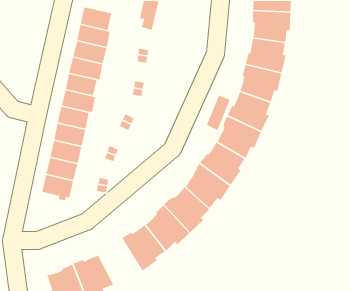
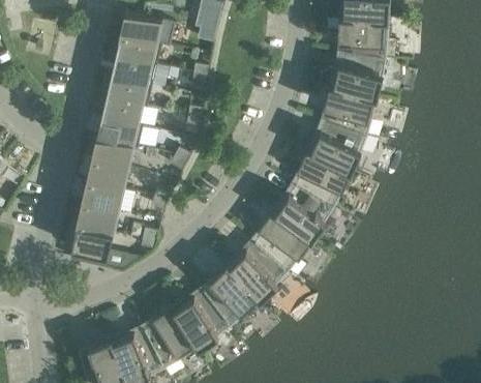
building: [206,95,231,131] -> none
building: none -> [142,307,199,371]

